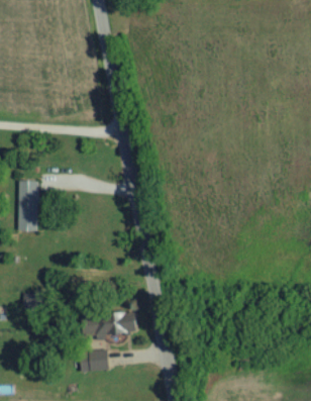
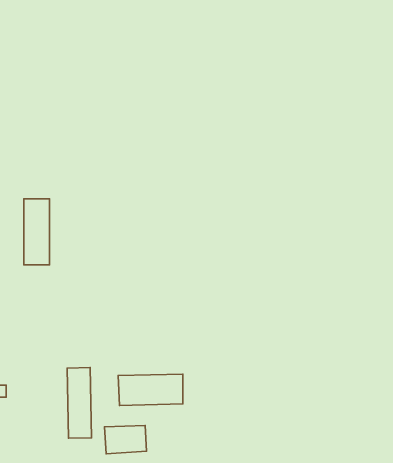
building: none -> [67,368,92,438]

